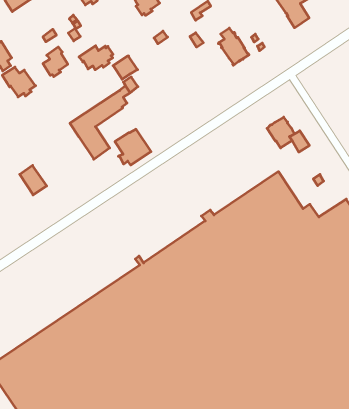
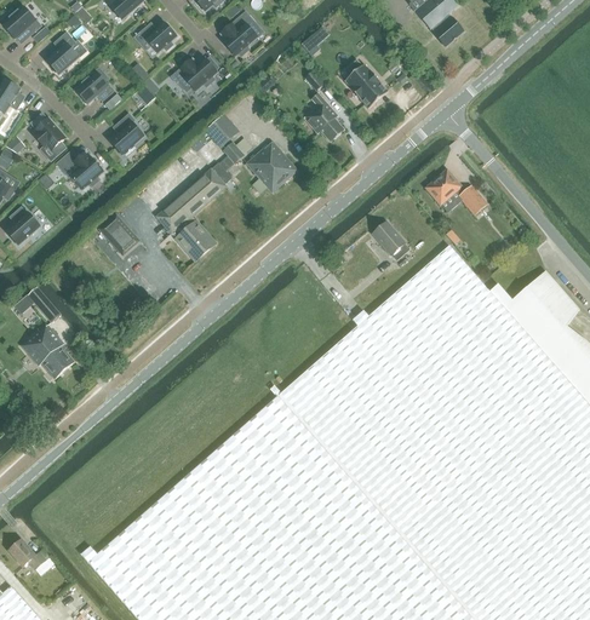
building: none -> [74,69,113,104]
building: [79,46,113,70] -> [171,58,217,92]
building: none -> [303,94,343,142]
building: [115,129,151,165] -> [246,143,297,193]
building: none -> [372,222,408,262]
building: [20,165,47,195] -> [99,218,138,258]

